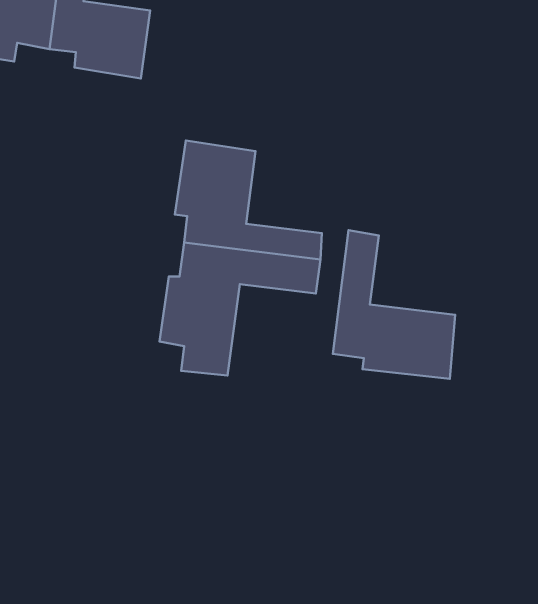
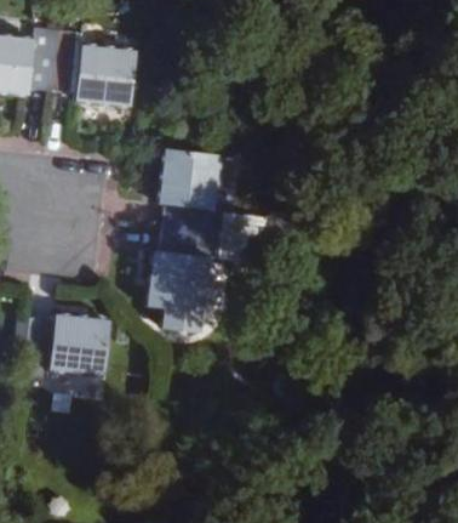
building: [333,230,455,379] -> none
building: none -> [28,324,109,387]

